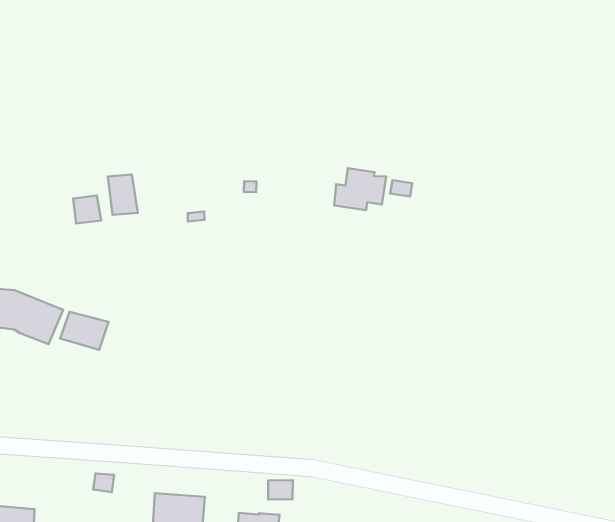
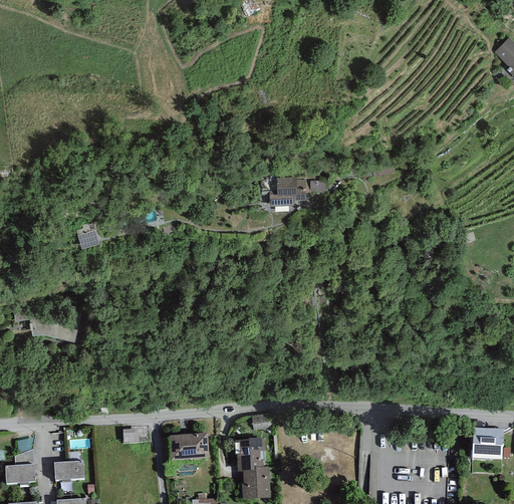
building: [108,175,138,215] -> none
building: [60,312,109,350] -> none

